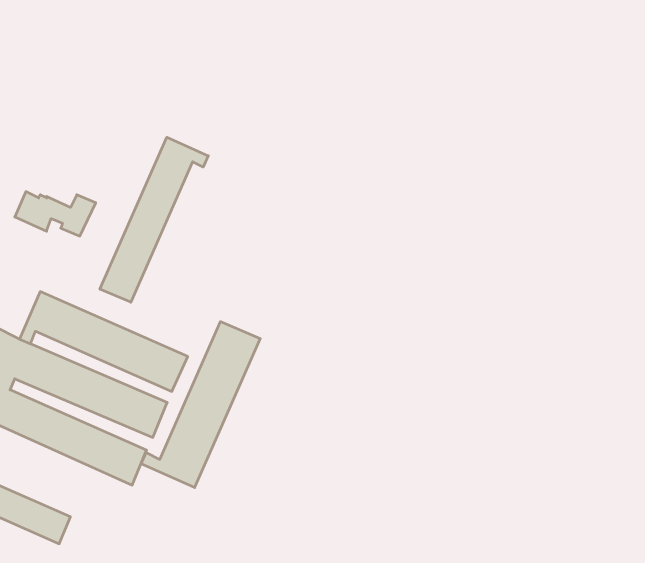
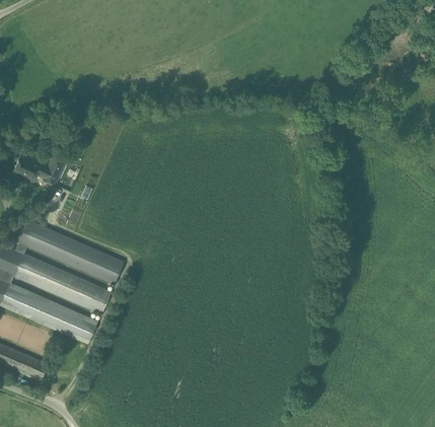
building: [100,137,208,302] -> none
building: [141,322,260,488] -> none

